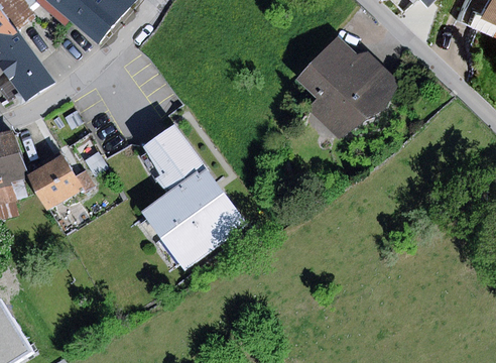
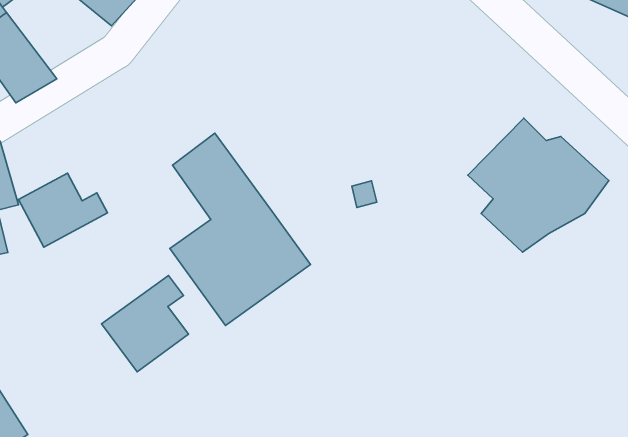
building: [296,36,403,138] -> [468,118,609,252]
building: none -> [102,275,189,372]

